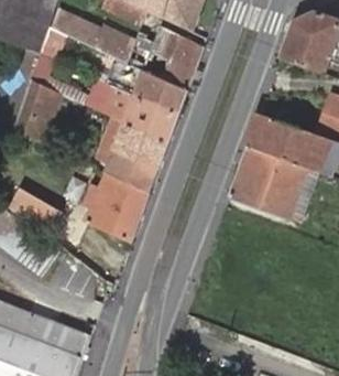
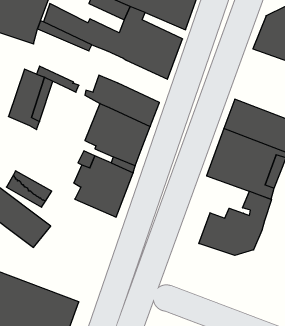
building: [110,58,185,115] -> none
building: none -> [199,191,272,255]

